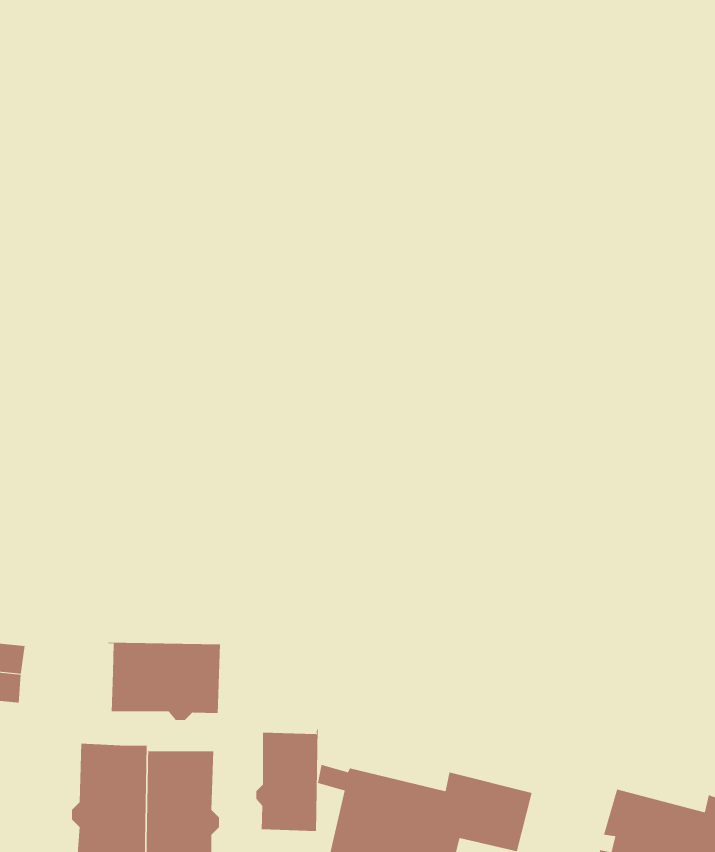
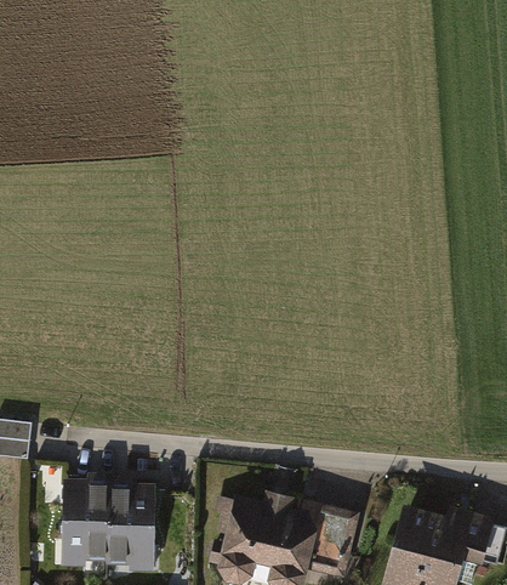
building: [108,642,221,721] -> none
building: [256,729,318,832] -> none

